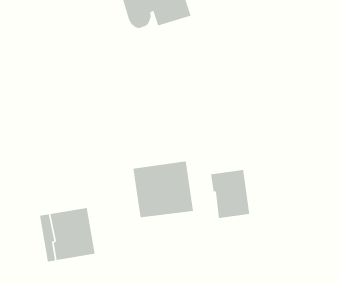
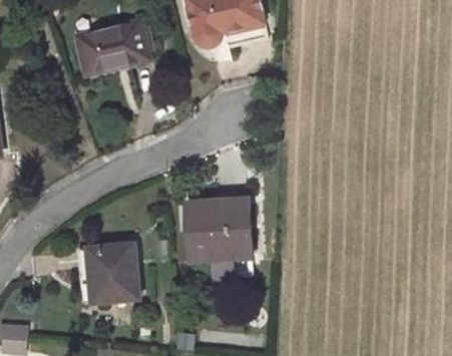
building: none -> [77,21,147,72]
building: [211,169,250,219] -> none

